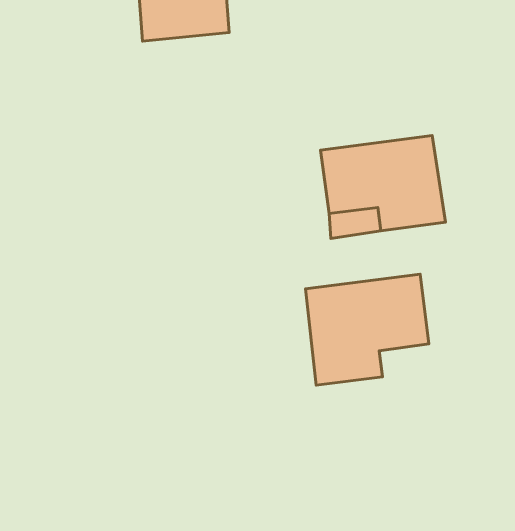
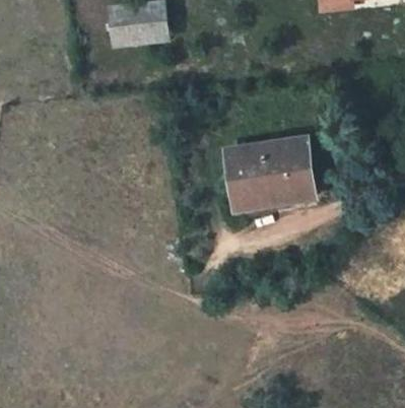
building: [306,274,429,385] -> none

